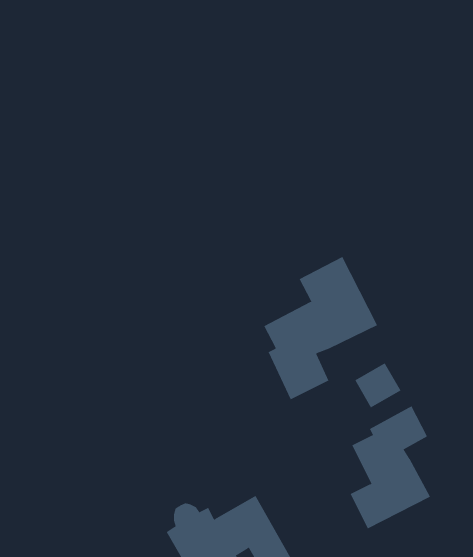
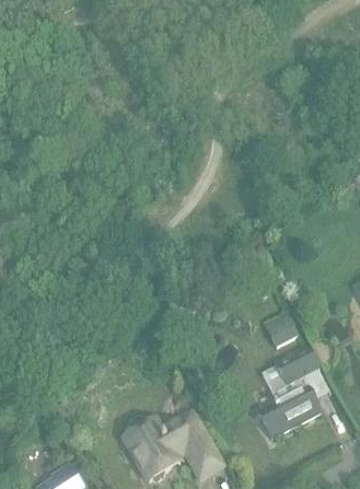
building: [263,256,378,400] -> none

